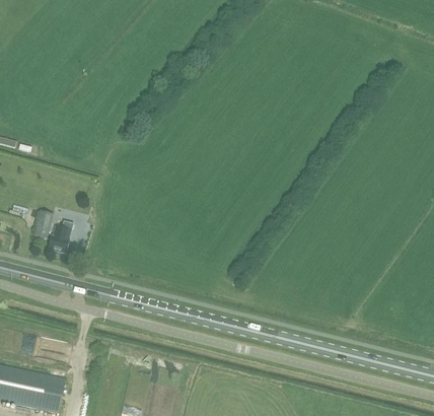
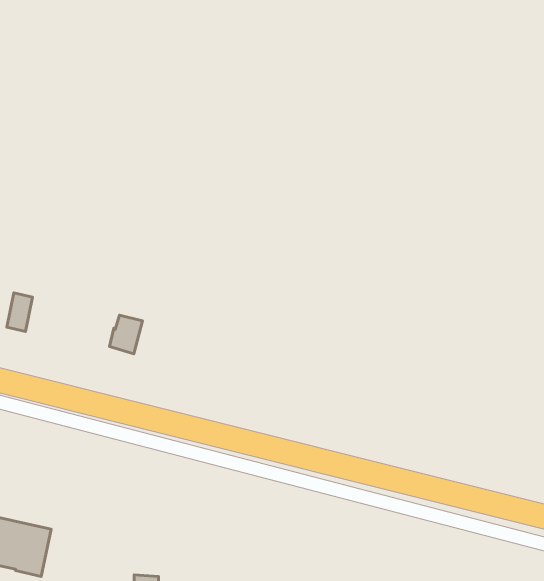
building: [48,225,71,253] -> [109,315,142,354]

